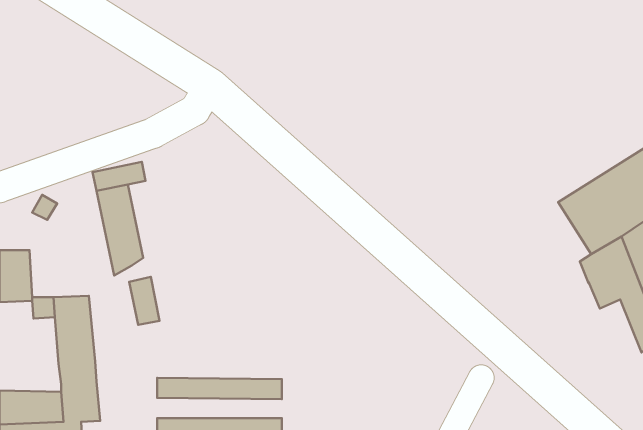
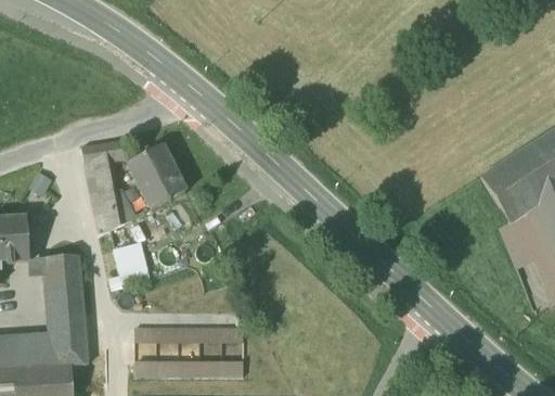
building: none -> [127,146,183,210]

